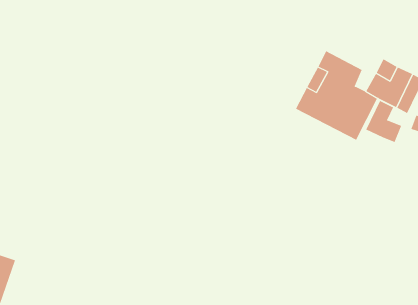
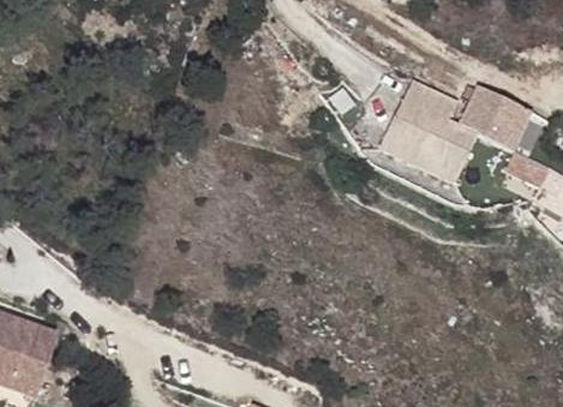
building: [366,100,402,143] -> none

